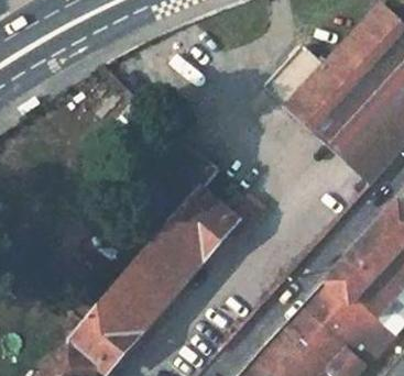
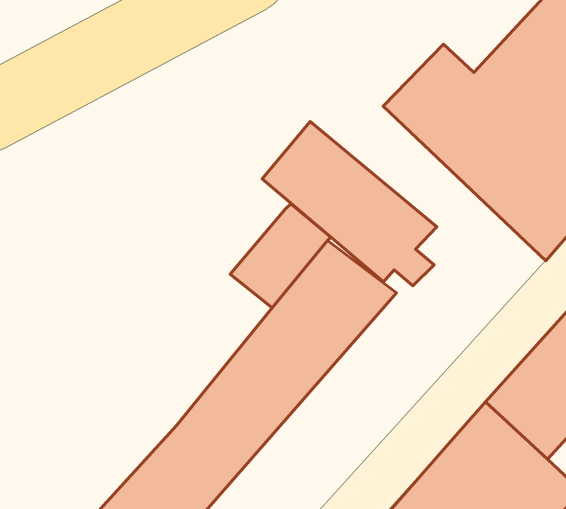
building: none -> [262,121,437,286]

